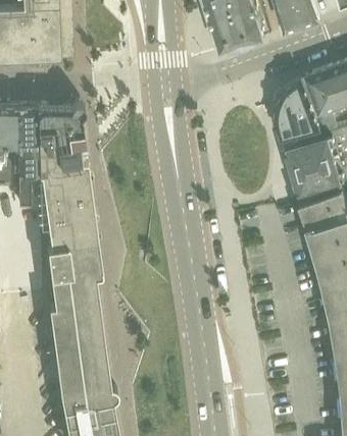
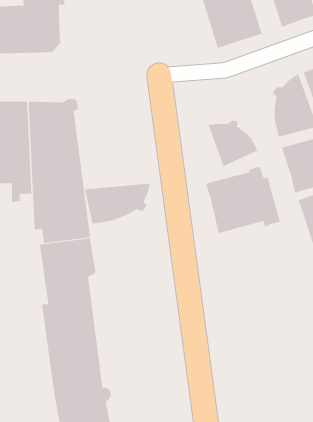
building: none -> [208,120,258,167]
building: none -> [206,166,280,234]
building: none -> [85,183,151,224]

